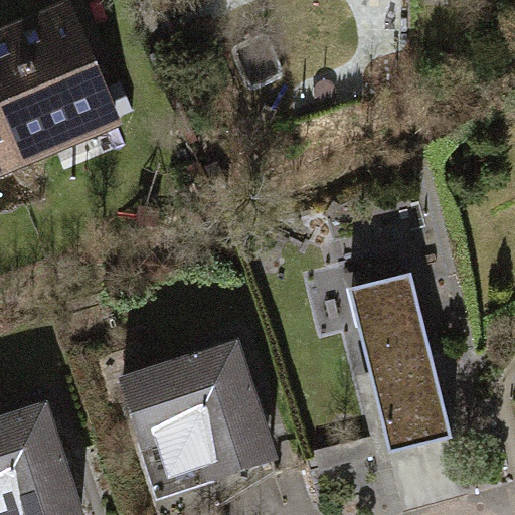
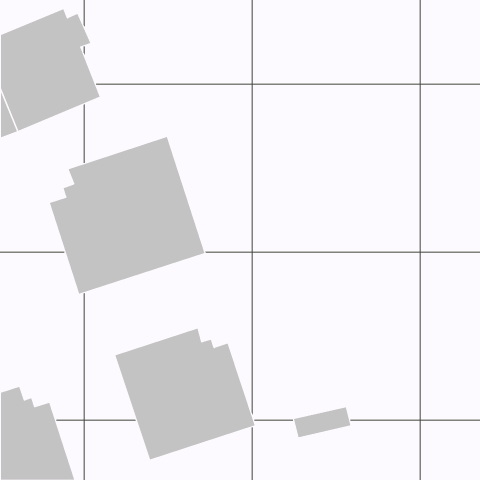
building: none -> [49,136,205,295]
building: [349,273,453,452] -> none

